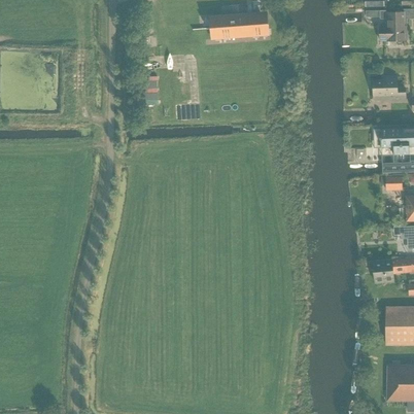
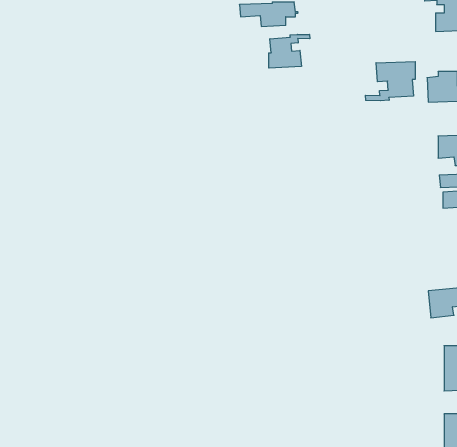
building: none -> [269,34,310,68]
building: none -> [365,62,415,101]

